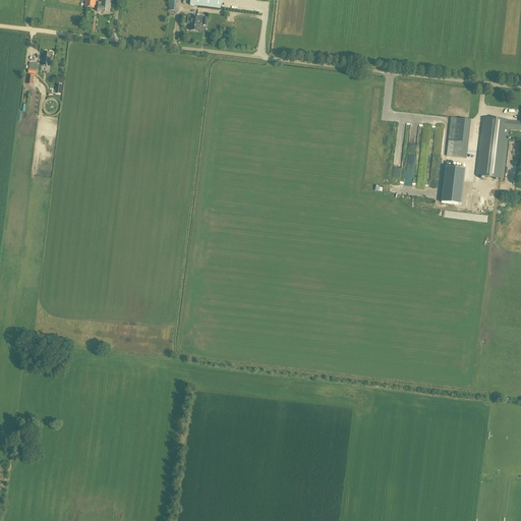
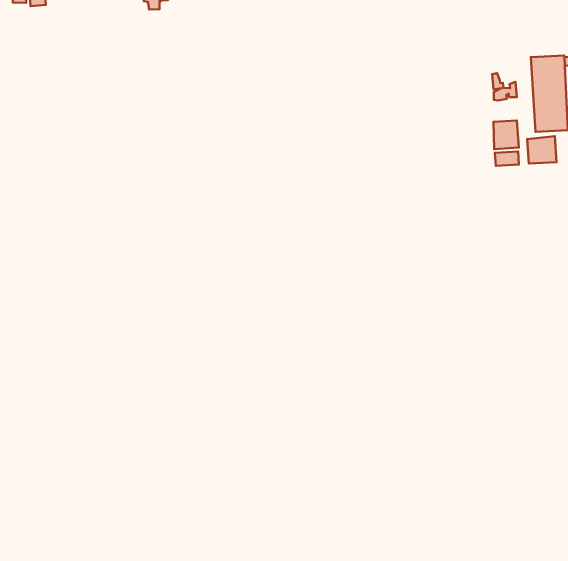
building: none -> [527,136,556,164]

